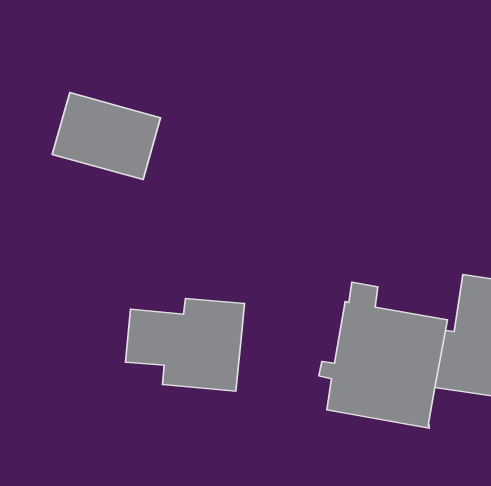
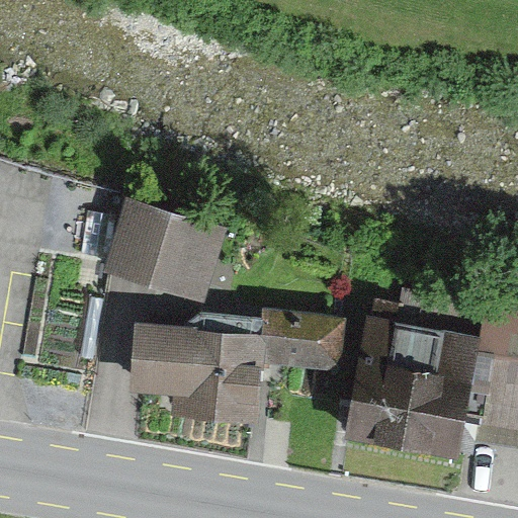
building: [52,93,161,180] -> [112,208,226,299]
building: none -> [256,316,338,367]

